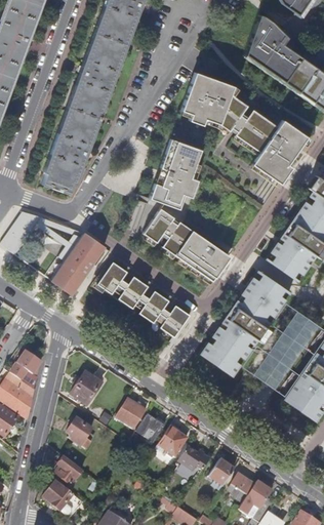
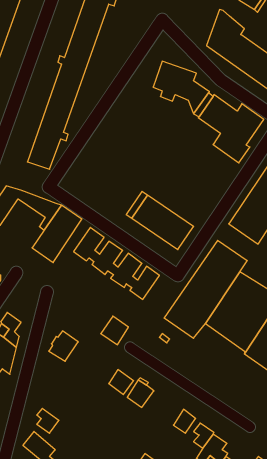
building: [150,138,201,209] -> none
building: [143,208,173,242] -> none
building: [117,397,148,429] -> [101,316,128,345]
building: [64,417,90,450] -> none
building: [177,447,209,470] -> none

